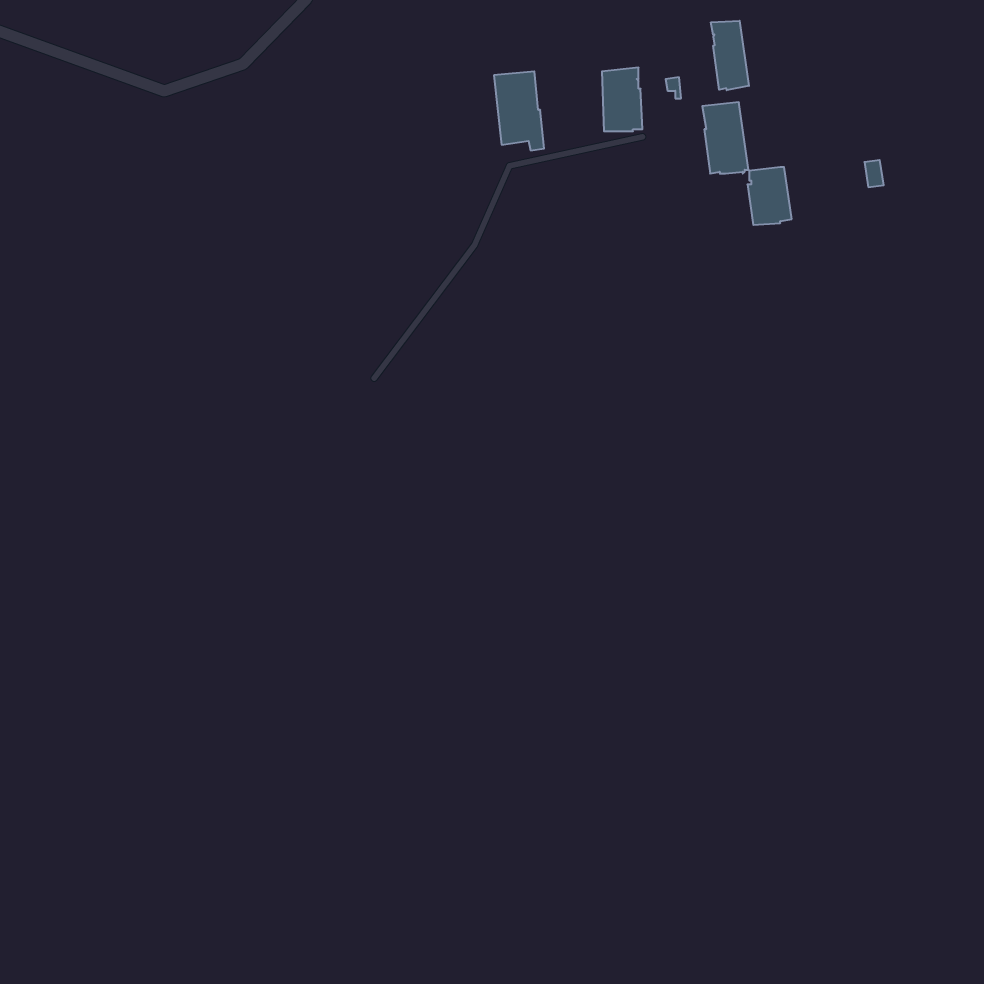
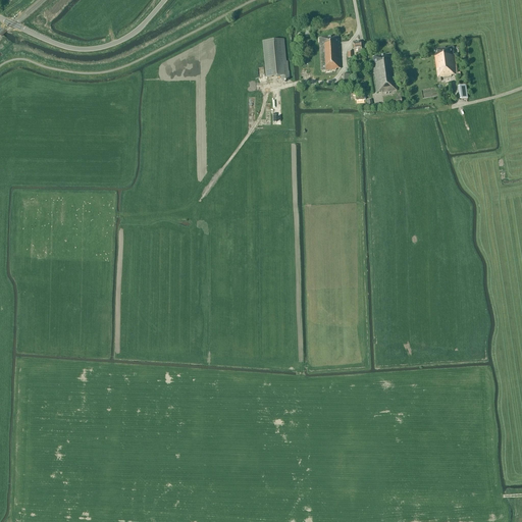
building: [711,21,749,90] -> none
building: [747,167,792,225] -> [433,46,457,76]

